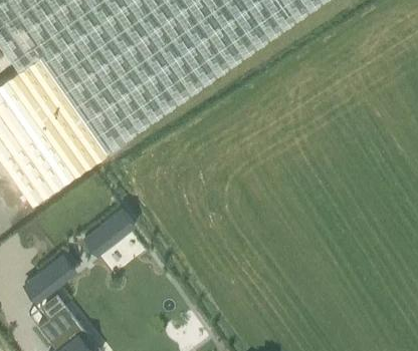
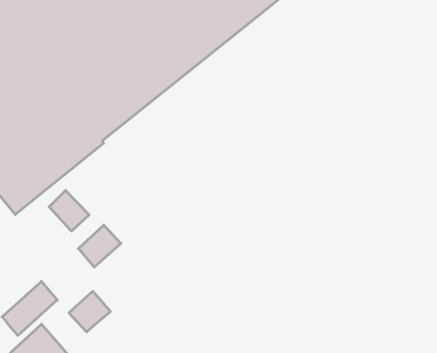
building: none -> [49,190,89,231]
building: none -> [69,291,110,332]

